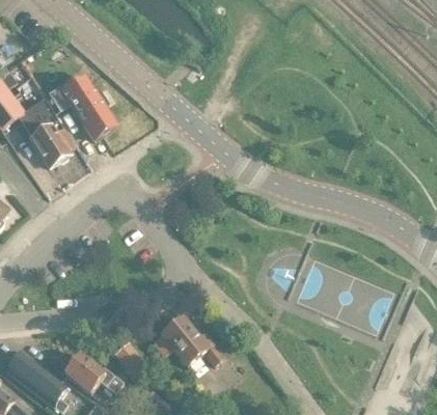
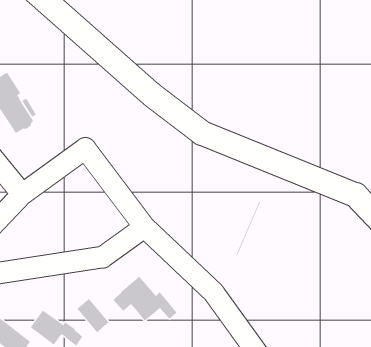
building: [48,81,115,139] -> none

